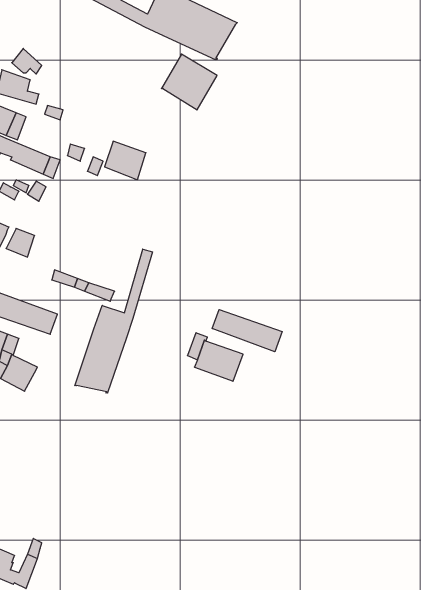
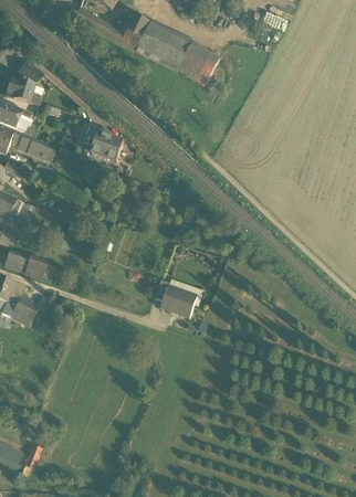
building: [161,54,217,110] -> [178,42,221,85]
building: [75,249,152,393] -> none
building: [212,310,282,352] -> none

